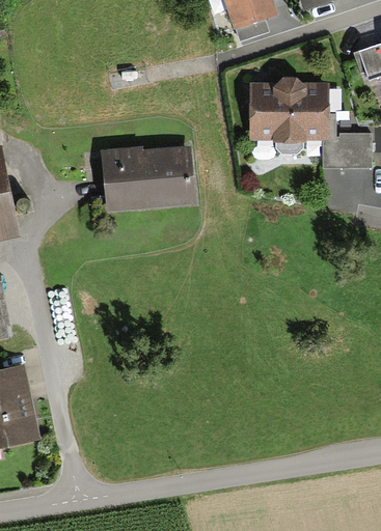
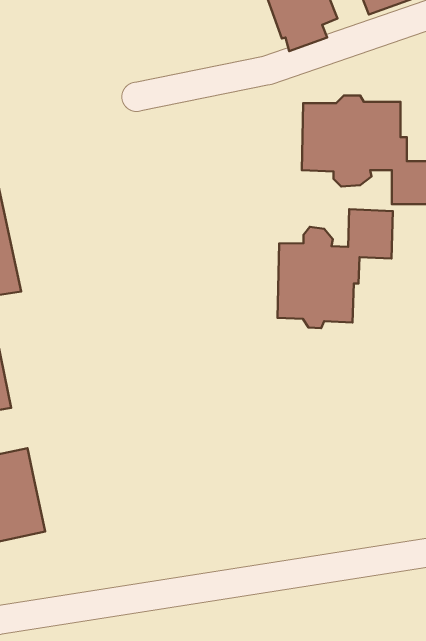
building: [102,144,197,211] -> none
building: none -> [278,209,393,328]

